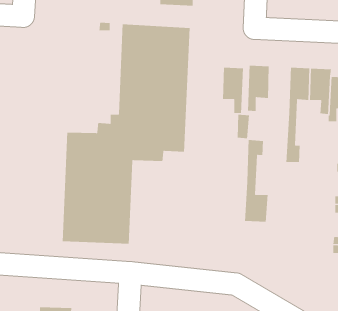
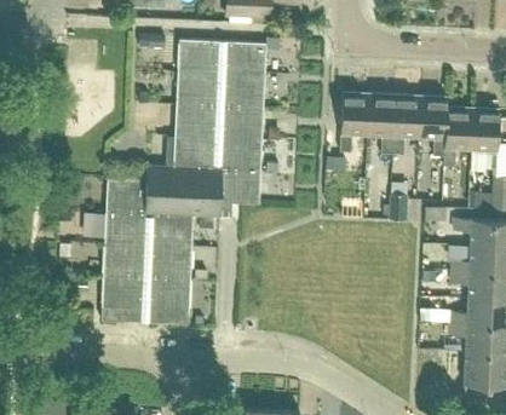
building: [222,67,244,114] -> [367,93,395,154]
building: [244,139,268,222] -> none

